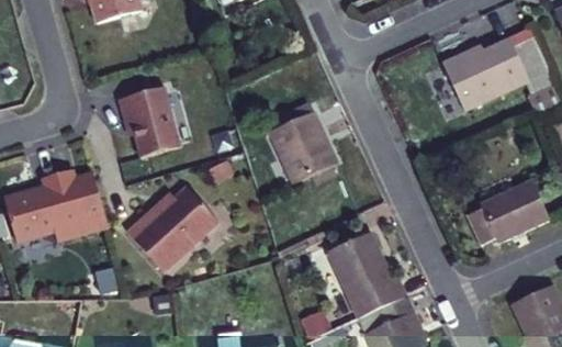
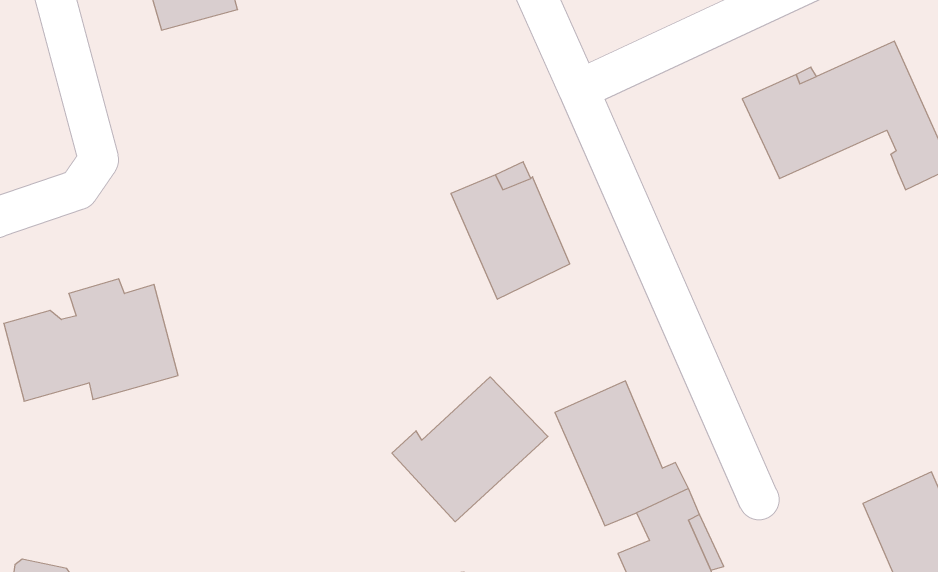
building: [123,89,179,157] -> none
building: [464,178,549,243] -> none
building: [126,188,218,273] -> [392,377,548,522]

